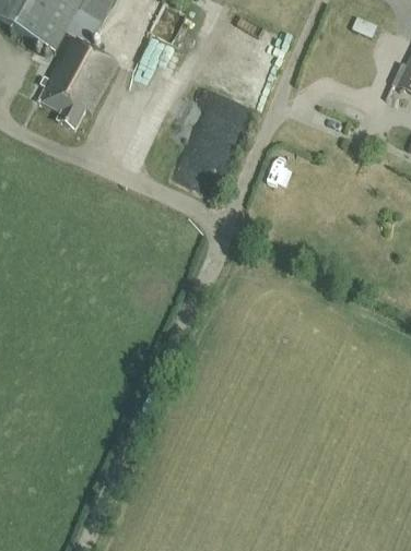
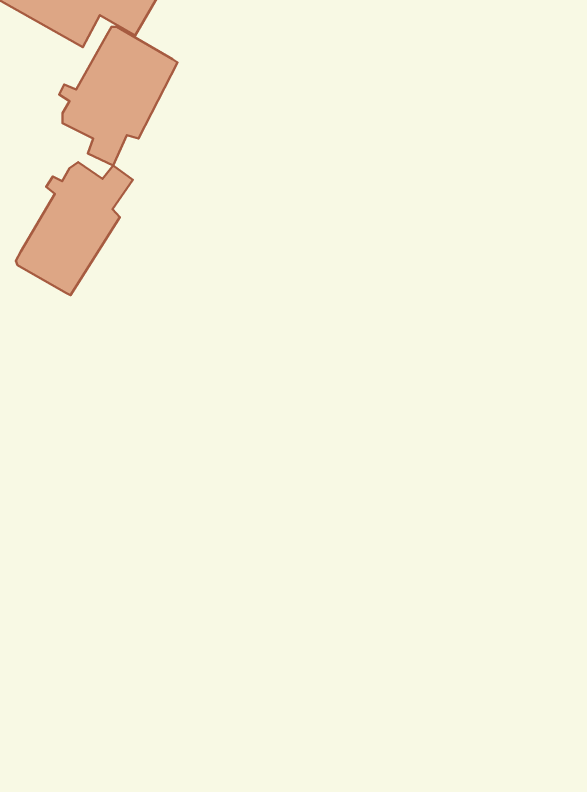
building: none -> [16,162,133,295]

